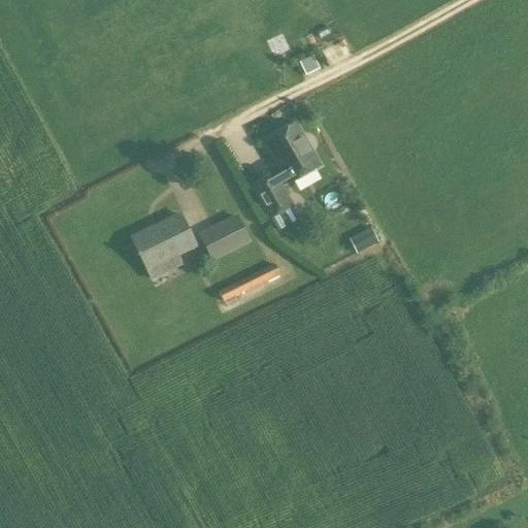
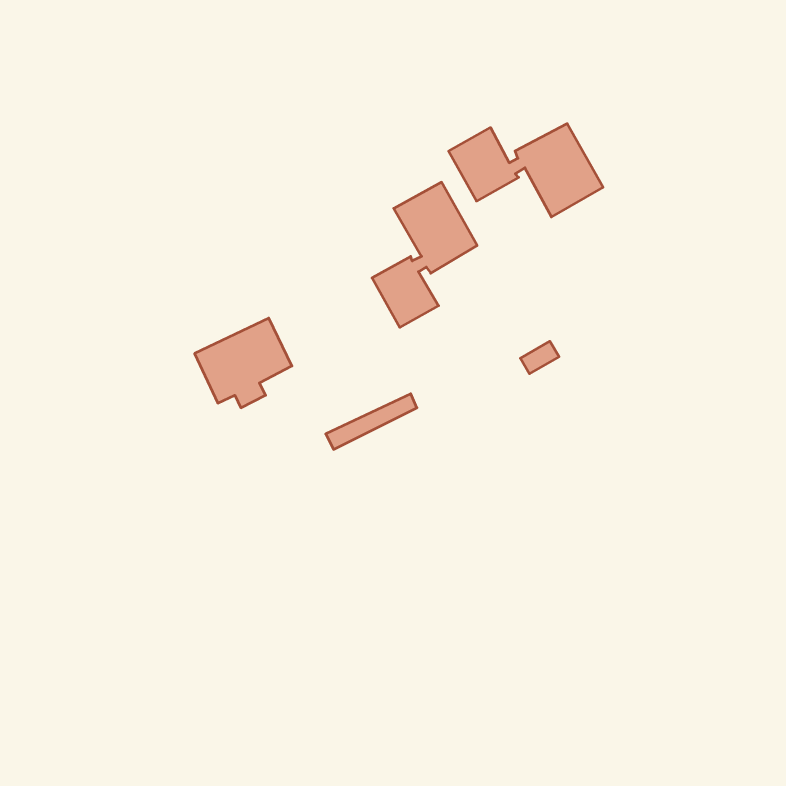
building: none -> [449,124,603,217]
building: [198,212,252,261] -> none

